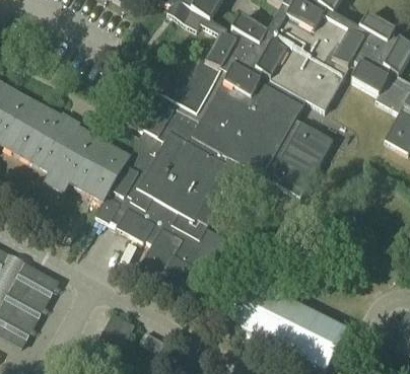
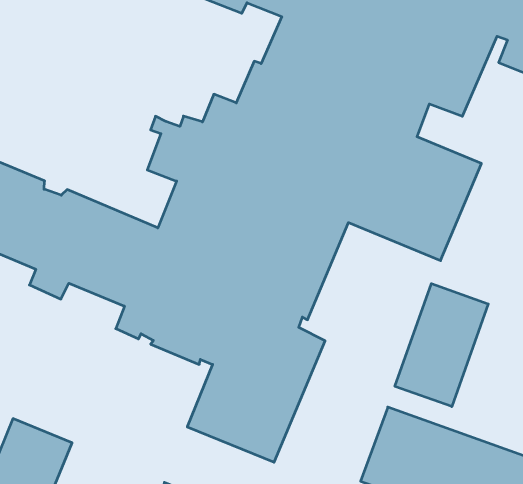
building: none -> [395,284,488,407]

